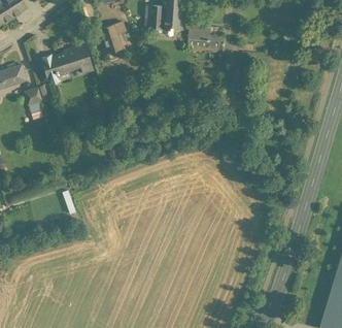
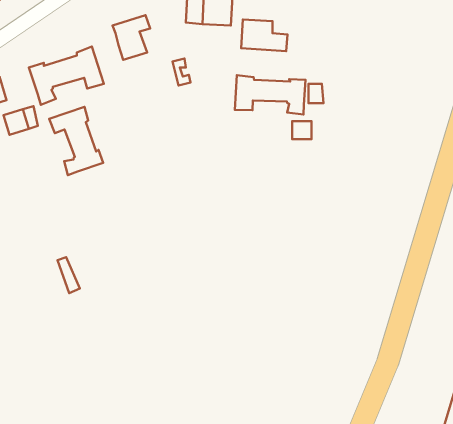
building: none -> [235,75,305,115]
building: none -> [49,107,103,175]

